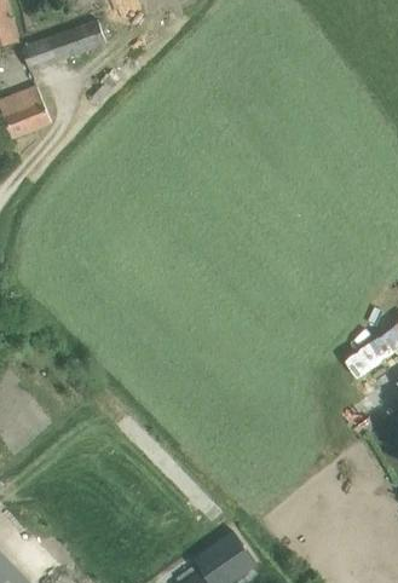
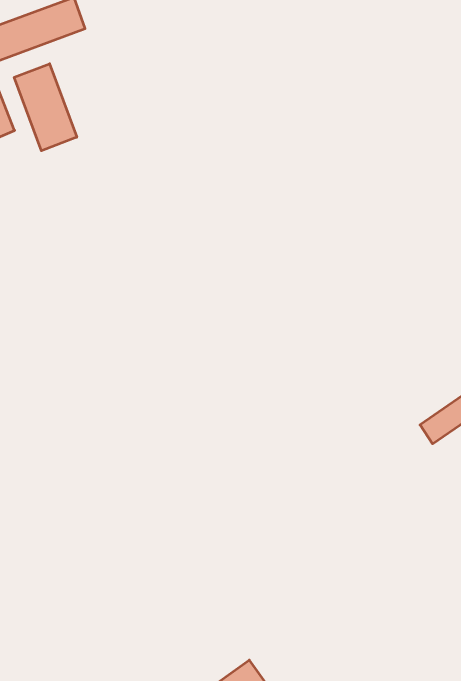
building: none -> [14,64,77,151]

